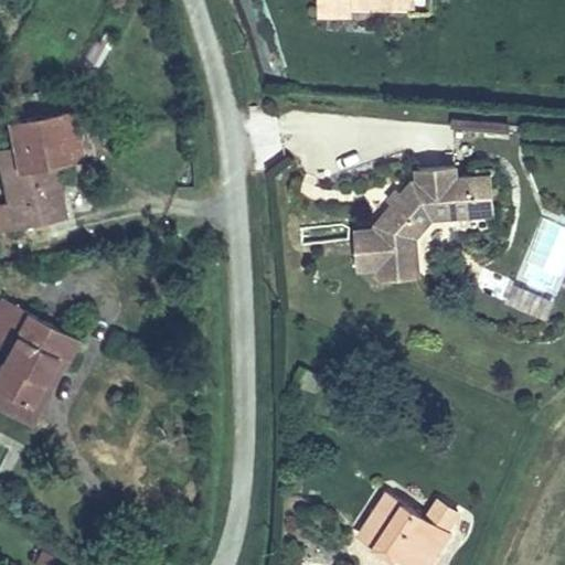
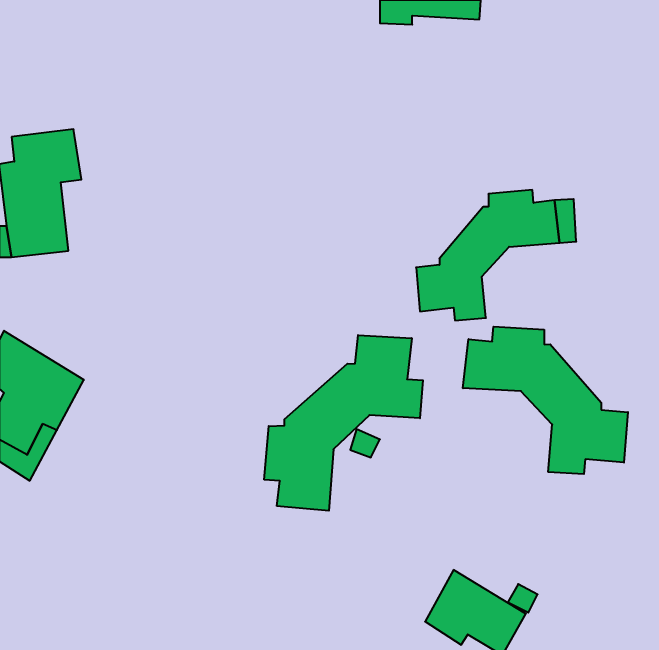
building: none -> [463,327,628,474]
building: none -> [264,335,423,511]

